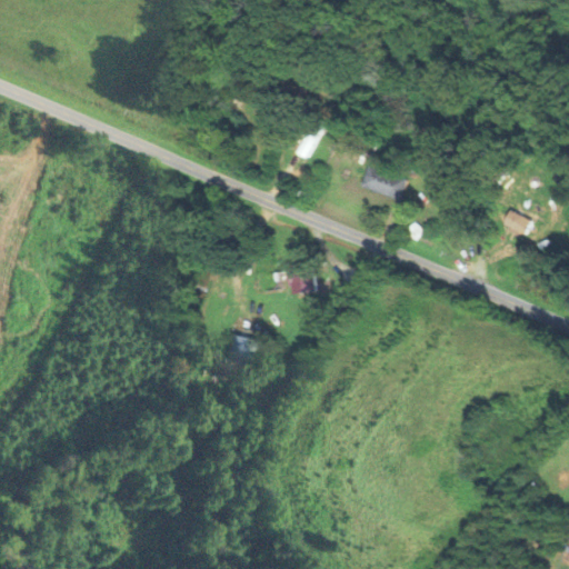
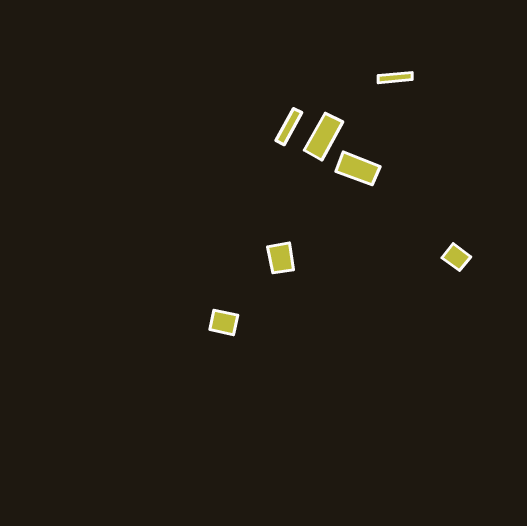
building: none -> [304,113,343,160]
building: [500,210,531,239] -> [442,244,471,270]

